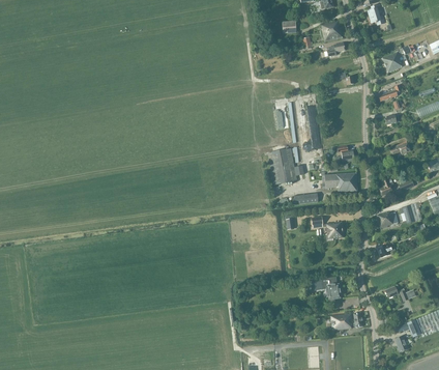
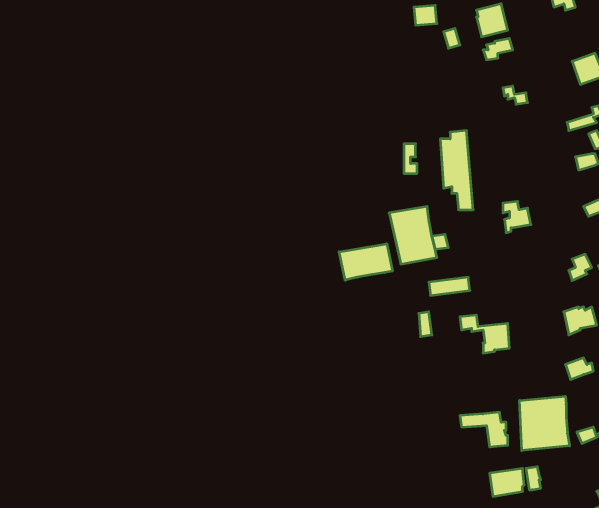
building: none -> [339,244,392,280]
building: [325,172,357,192] -> none
building: none -> [520,396,570,451]

